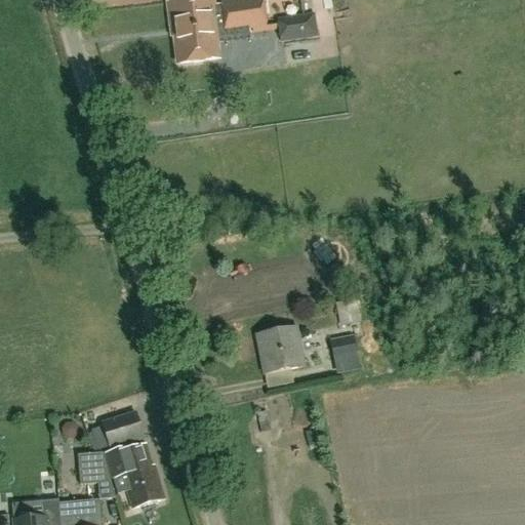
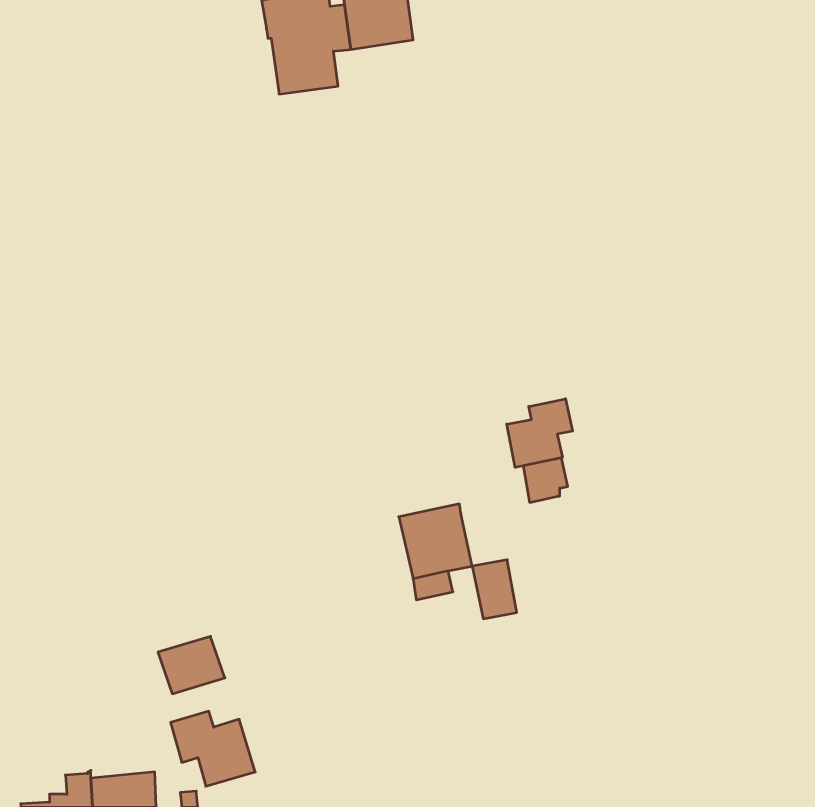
building: [277,10,319,39] -> none
building: none -> [507,399,573,467]
building: [330,333,359,371] -> [472,560,517,619]
building: [77,449,115,496] -> none

